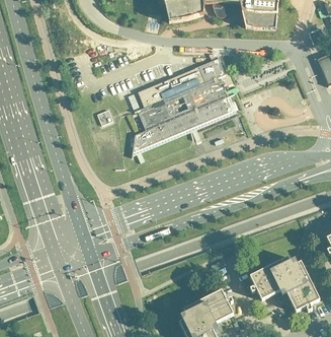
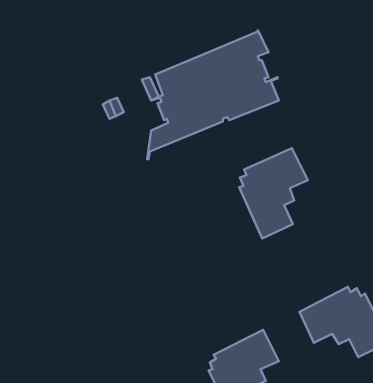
building: none -> [239,148,308,238]

